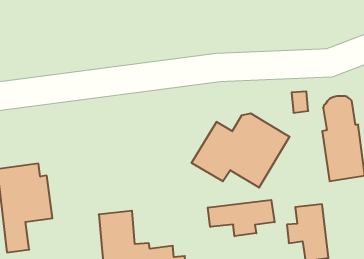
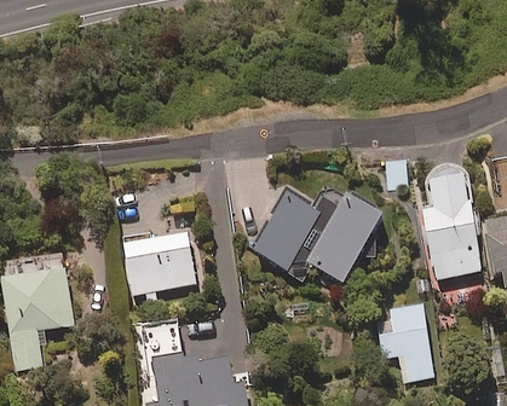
building: none -> [123,232,197,300]
building: [208,200,275,236] -> none

